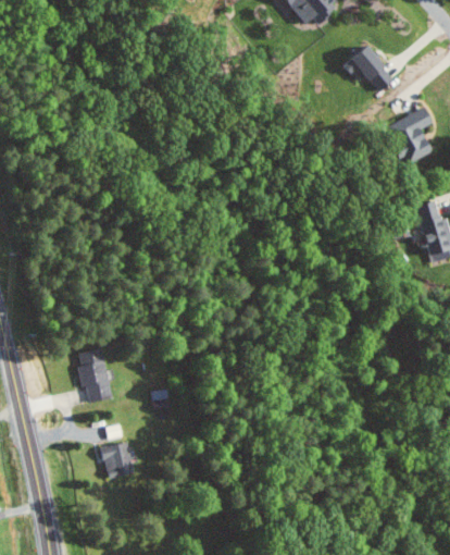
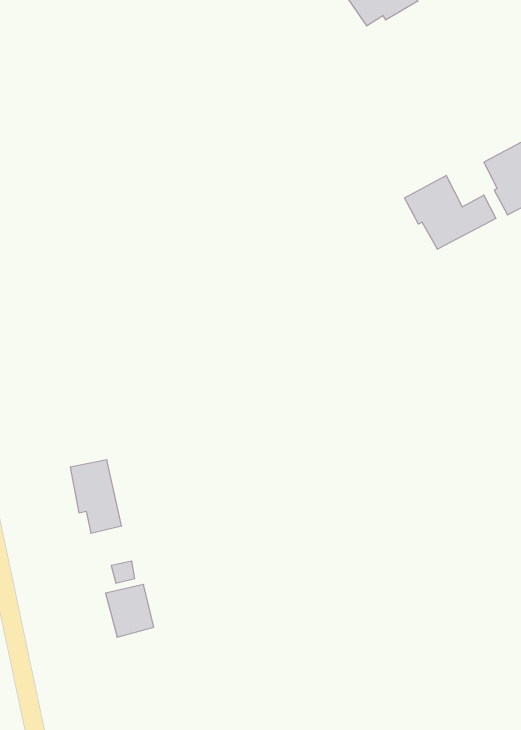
building: [338,44,390,90] -> none
building: none -> [405,175,496,249]

